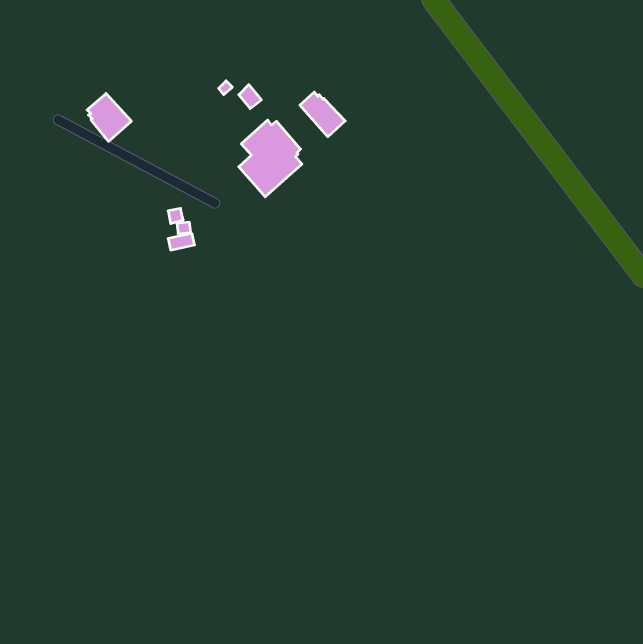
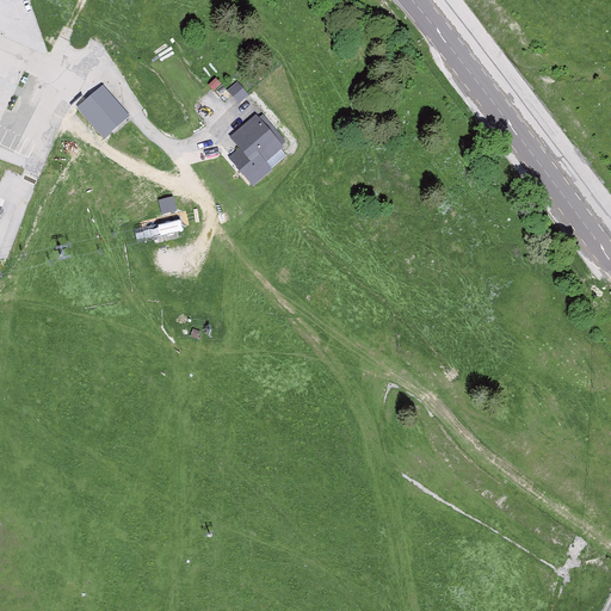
building: [300,92,345,137] -> none

